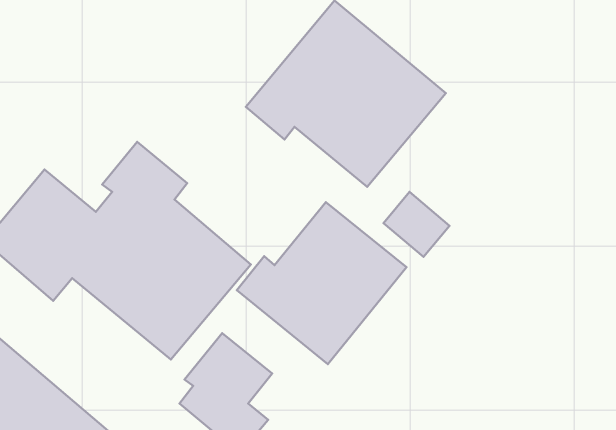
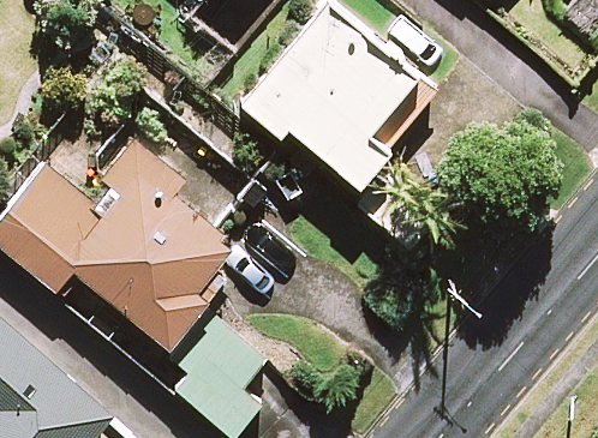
building: [237,202,407,364] -> none

